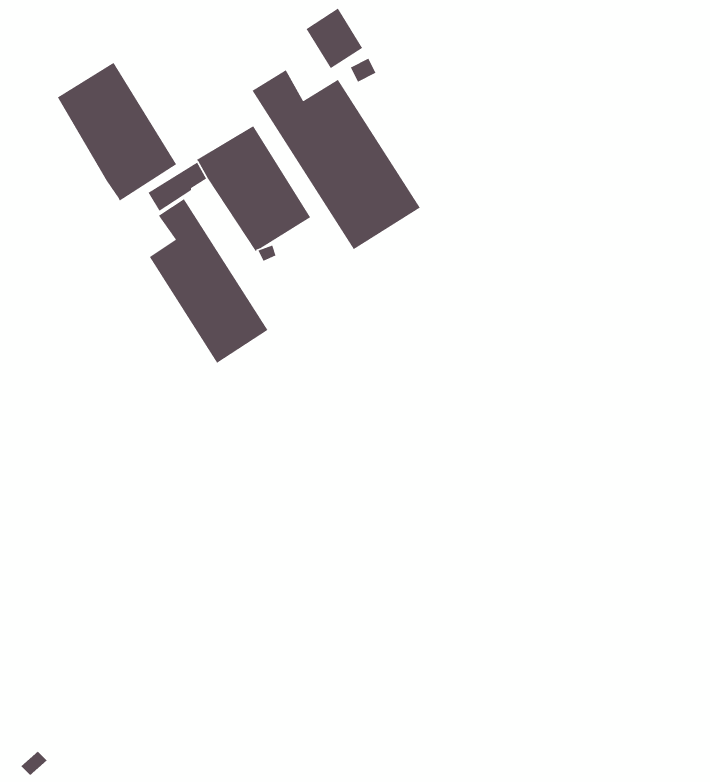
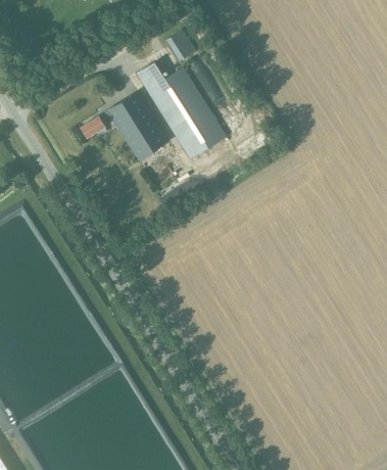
building: [57,62,177,202] -> none
building: [149,198,269,364] -> none

